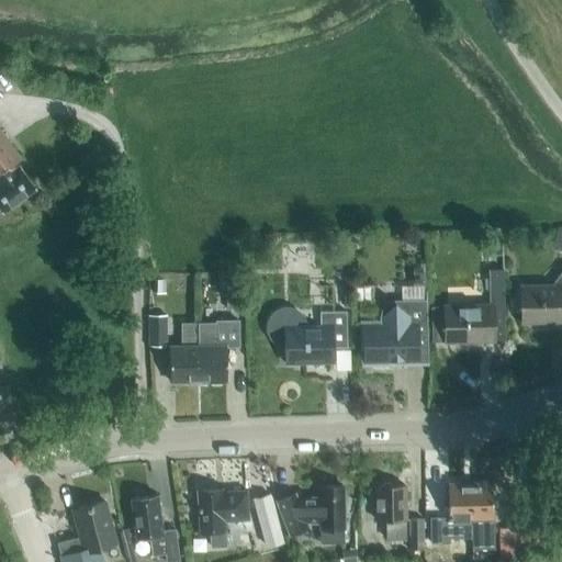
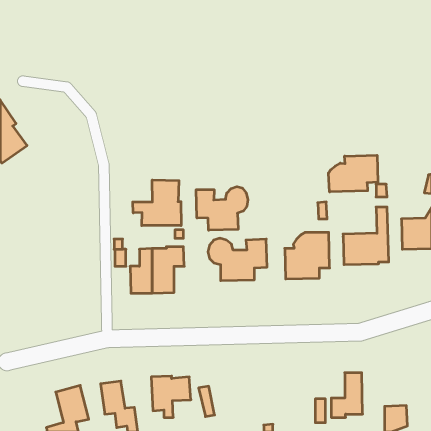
building: none -> [328,155,378,192]
building: none -> [133,180,181,226]
building: none -> [196,187,248,230]
building: [471,484,494,549] -> none
building: [376,486,406,540] -> none
building: [278,487,345,543] -> none

